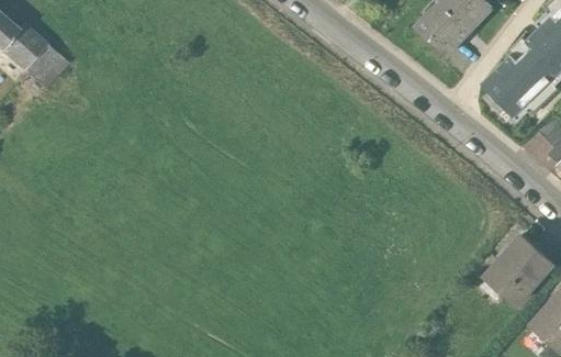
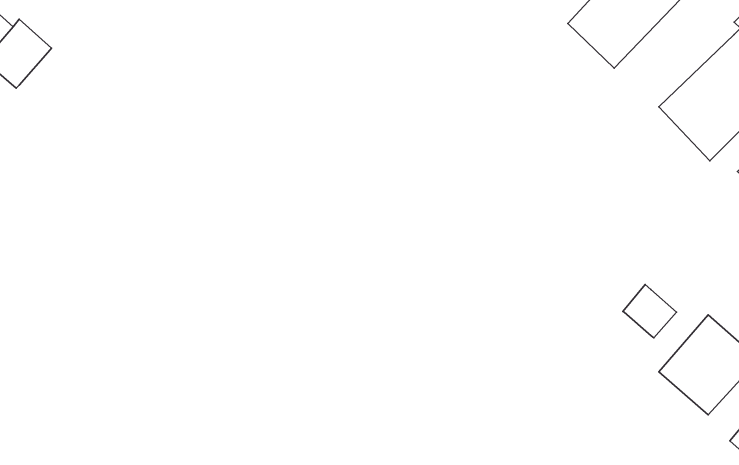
building: [25,44,69,90] -> none
building: none -> [623,284,676,338]

